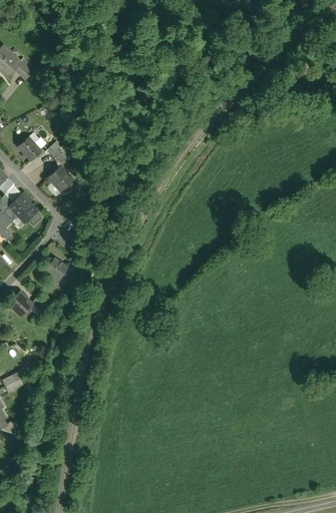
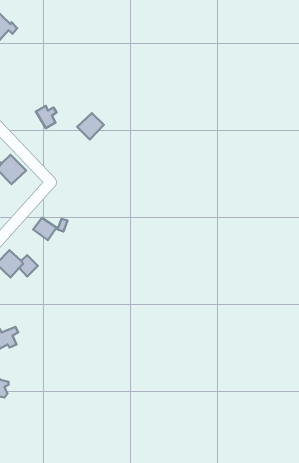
building: [16,135,45,161] -> none
building: [46,166,73,193] -> [77,113,104,140]

